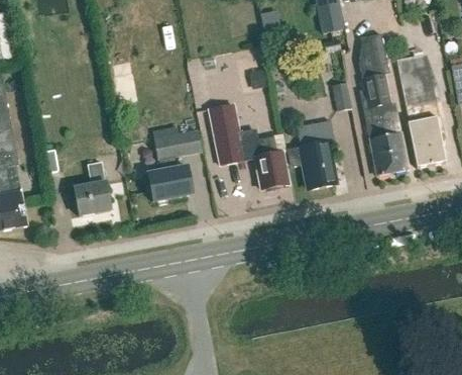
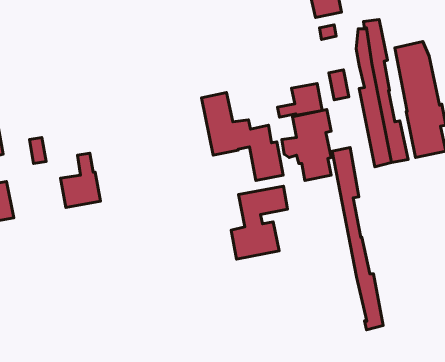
building: none -> [278,83,322,117]
building: [148,130,203,201] -> [231,186,288,259]
building: none -> [332,148,383,330]

